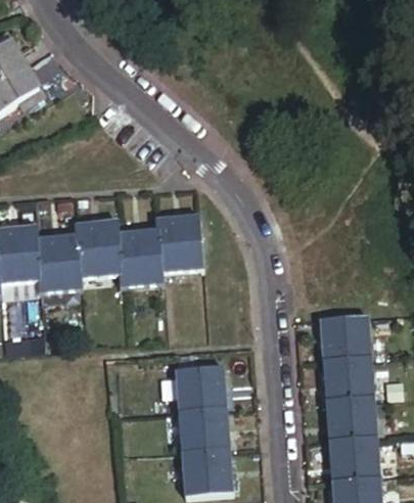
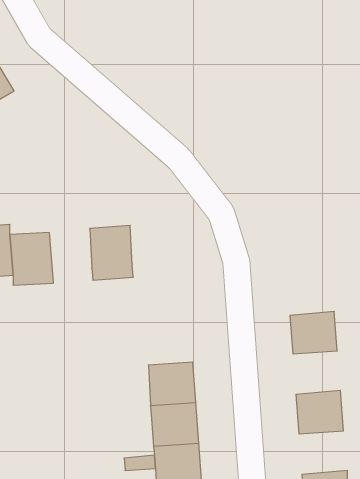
building: [158,216,201,269] -> none
building: [78,222,121,274] -> none
building: [324,356,372,400] -> none
building: [330,437,379,481] -> none

